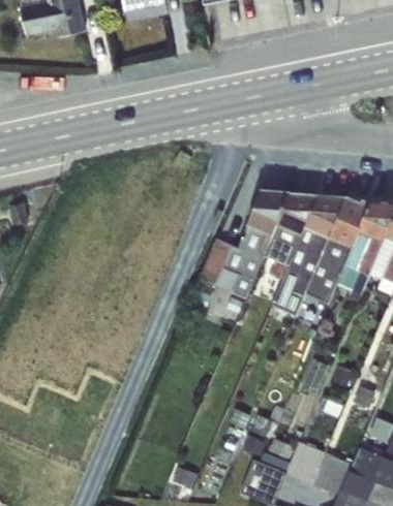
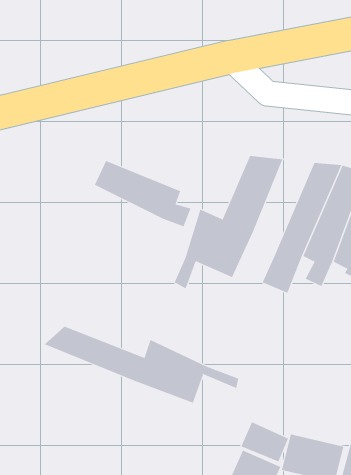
building: [265,192,320,282] -> none
building: none -> [94,160,191,227]
building: none -> [44,326,239,403]

